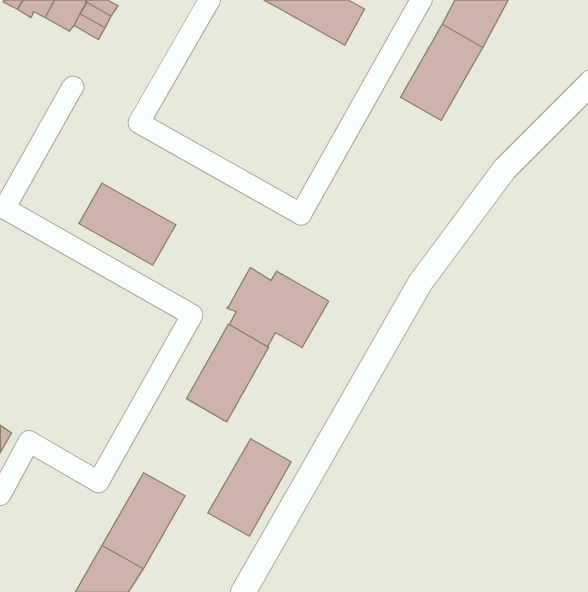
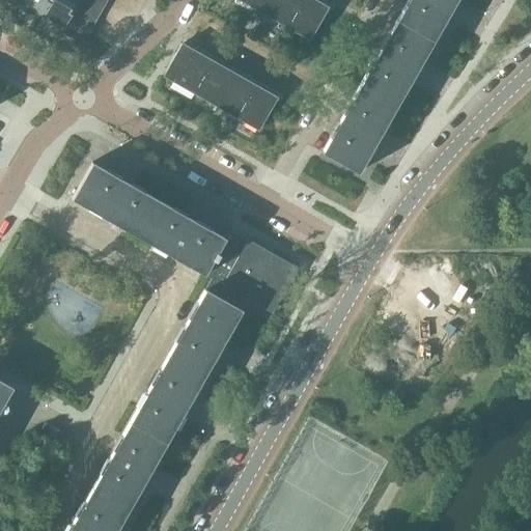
building: none -> [168,45,279,131]
building: none -> [325,87,398,174]
building: none -> [140,201,227,275]
building: [208,439,291,536] -> [132,357,206,444]

